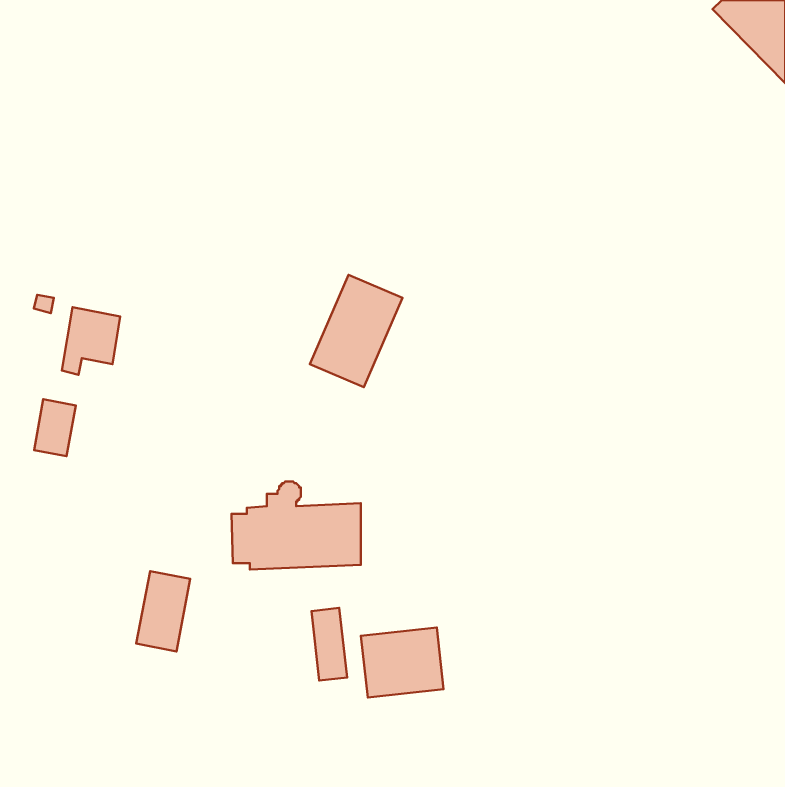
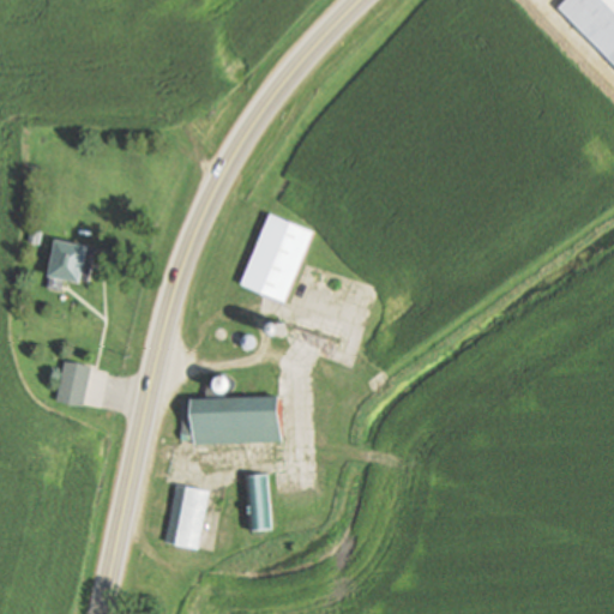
building: [34,399,76,456] -> [58,362,90,407]
building: [136,571,190,651] -> [165,486,207,548]
building: [361,627,444,698] -> none

